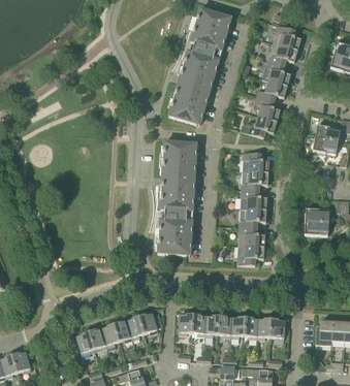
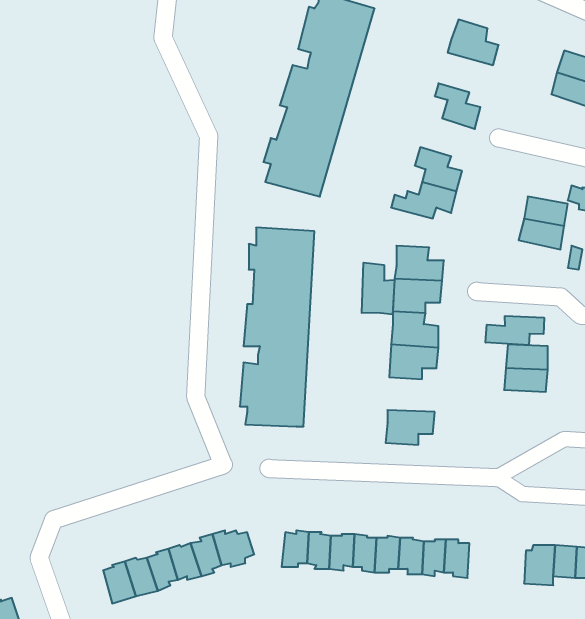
building: [266,42,297,65] -> none
building: [256,79,287,101] -> none
building: none -> [362,263,395,315]
building: none -> [486,316,544,345]
building: [237,226,264,246] -> none

